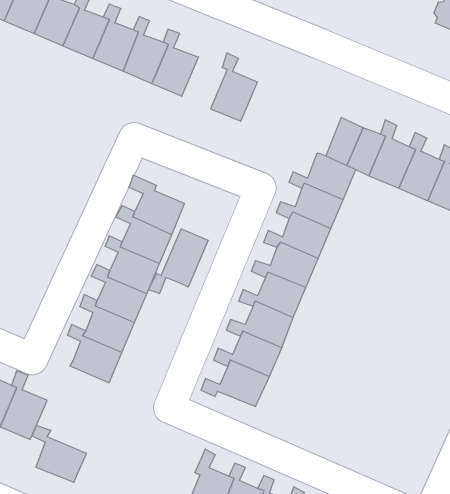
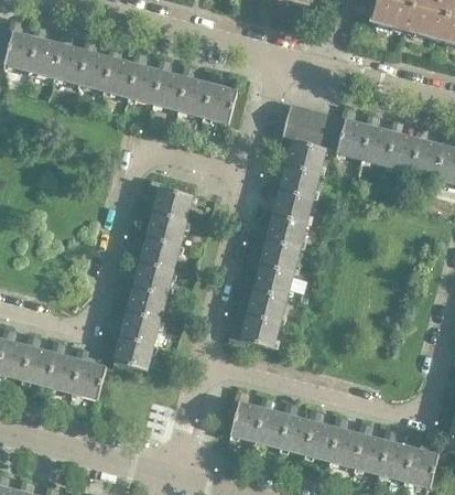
building: none -> [178,65,212,117]
building: none -> [281,105,307,141]
building: [148,229,208,294] -> none
building: [32,425,86,482] -> [108,330,153,370]

